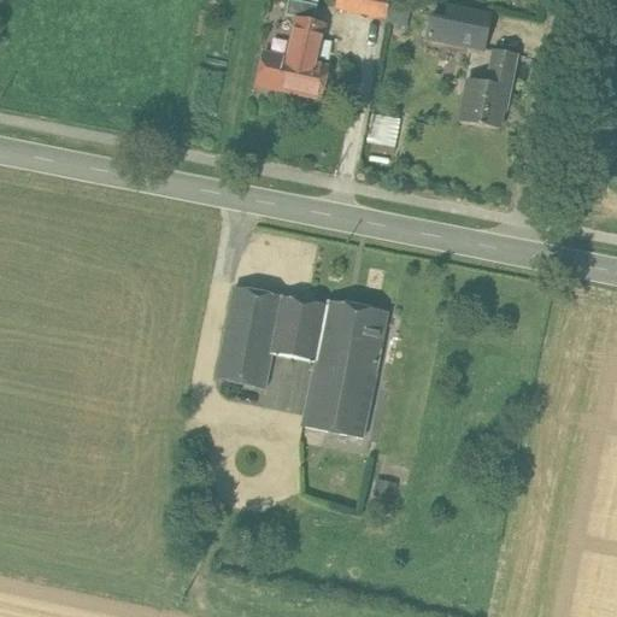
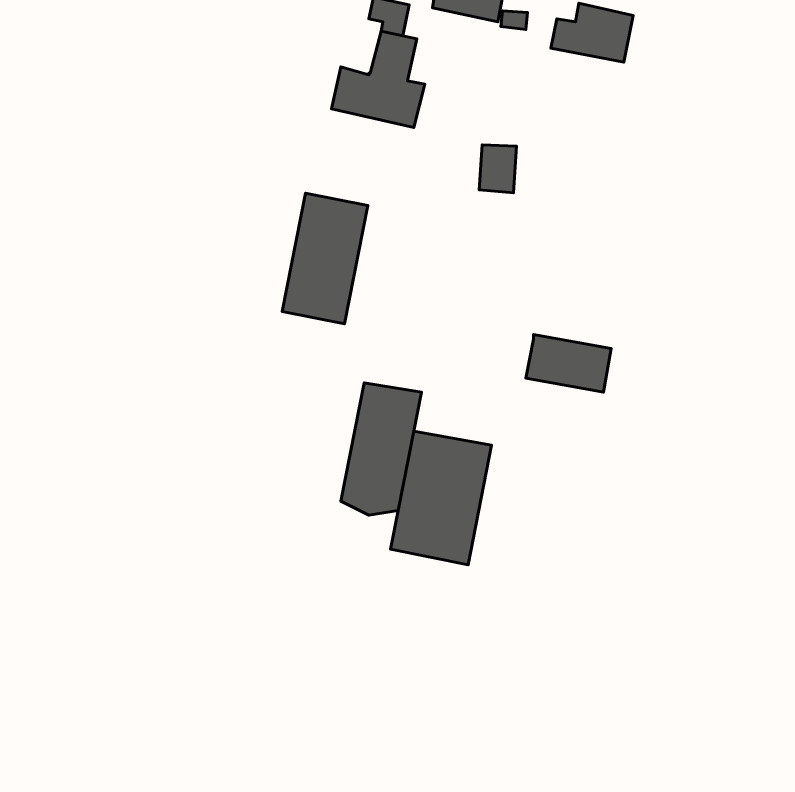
building: [459,49,516,129] -> none
building: [216,287,282,388] -> [282,193,368,324]
building: [321,300,387,345] -> [526,335,611,392]

